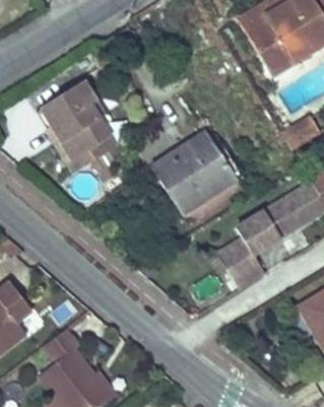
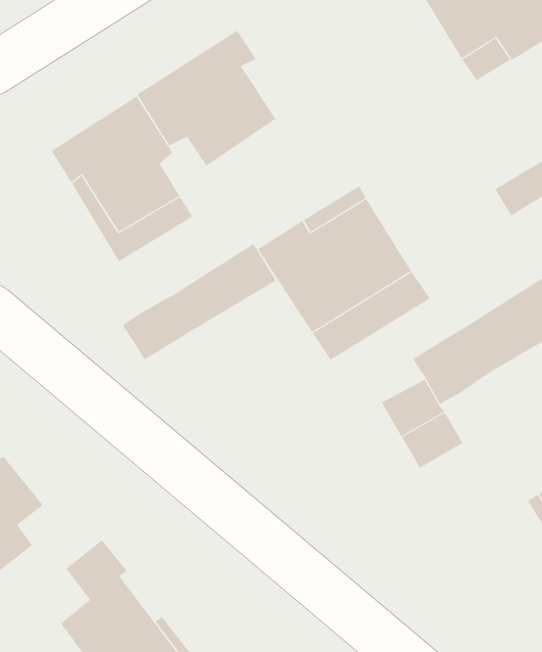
building: none -> [136,30,276,167]
building: none -> [122,243,276,361]

